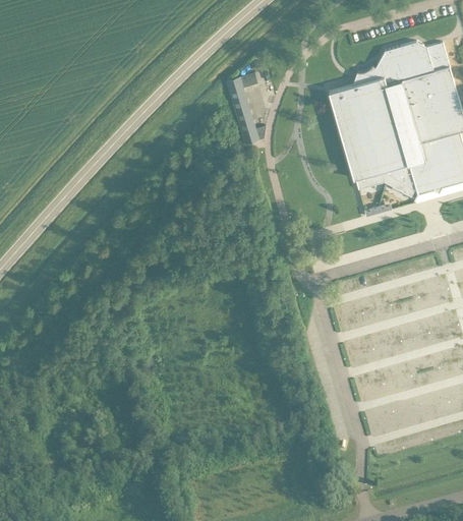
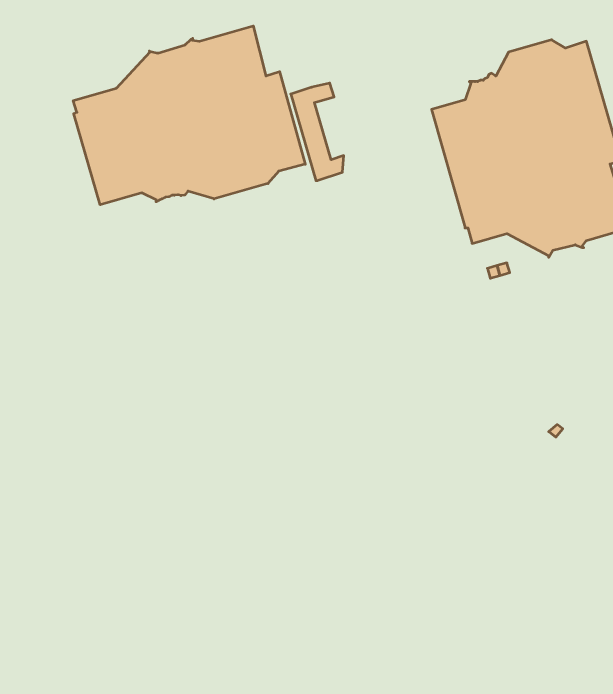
building: none -> [73,26,305,205]

